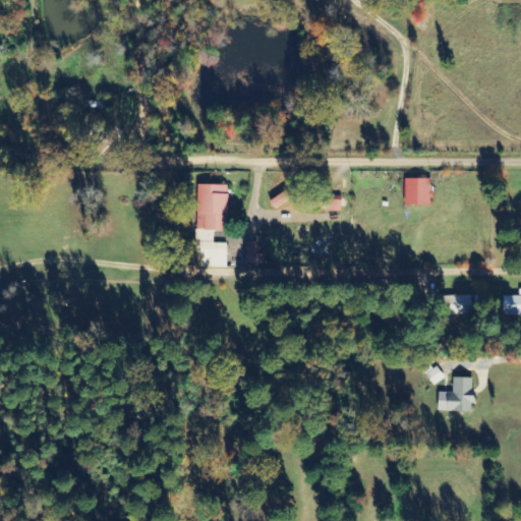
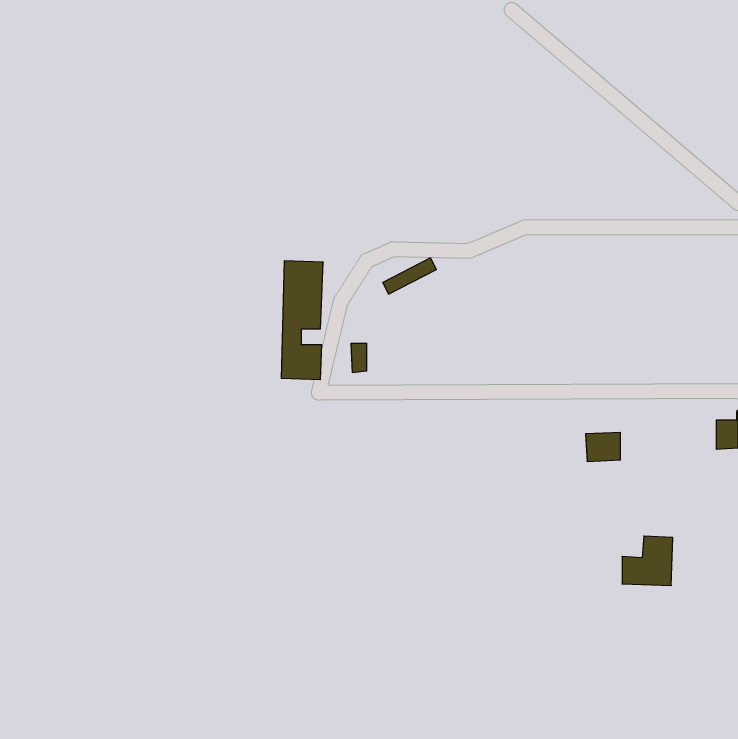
building: [404,177,429,205] -> none
building: [447,294,471,314] -> [586,432,620,461]

